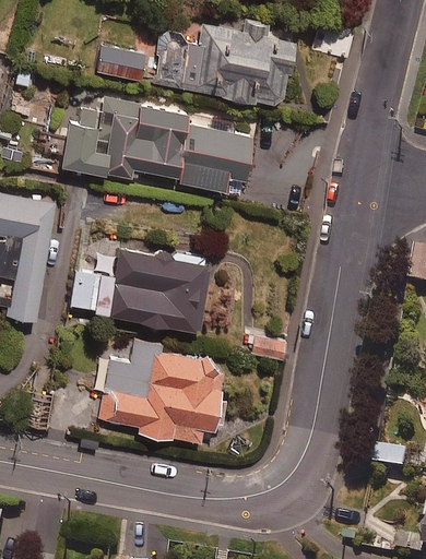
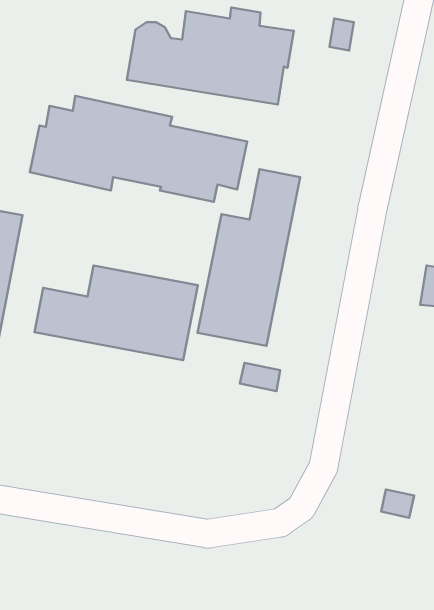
building: [94,43,147,82] -> none
building: none -> [197,169,300,346]
building: [99,338,224,443] -> none

